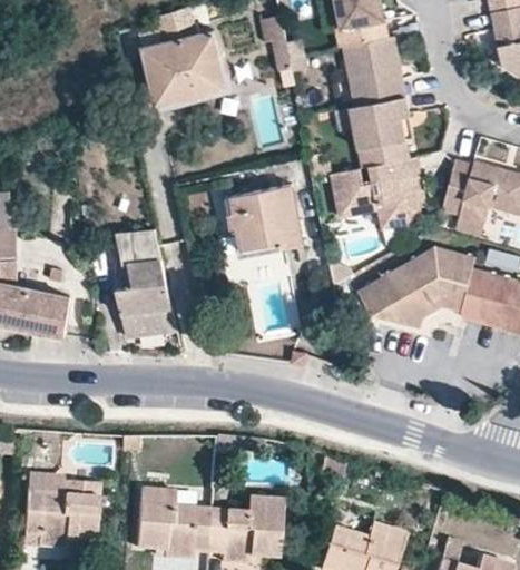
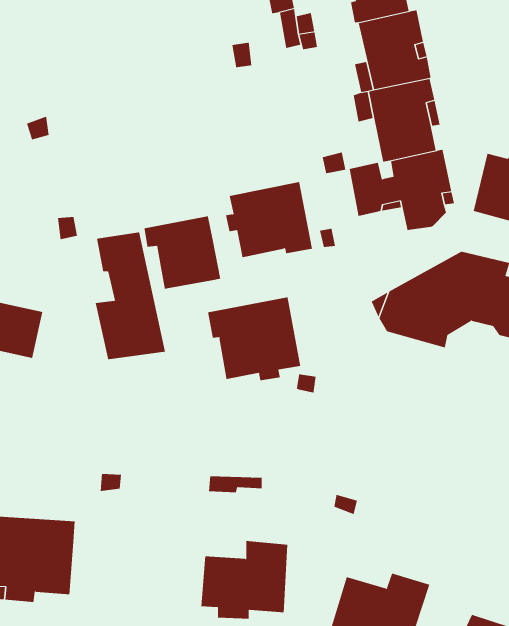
building: [144,33,226,105] -> none
building: none -> [144,216,221,289]
building: none -> [207,296,301,381]
building: [135,488,209,559] -> none

